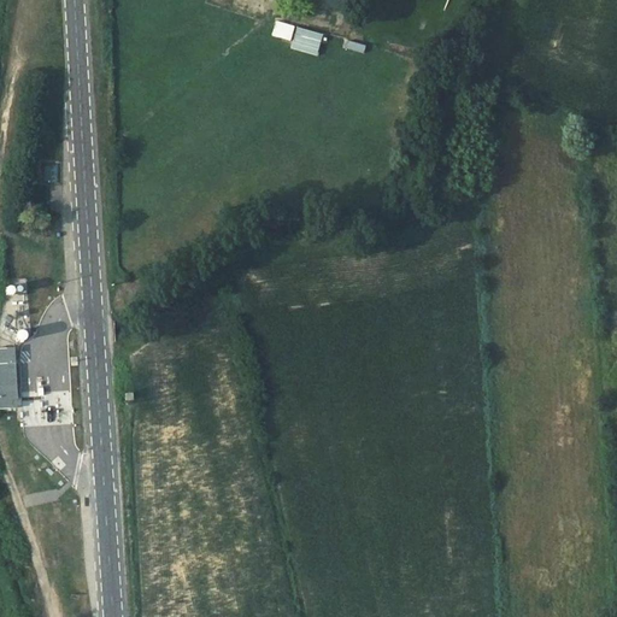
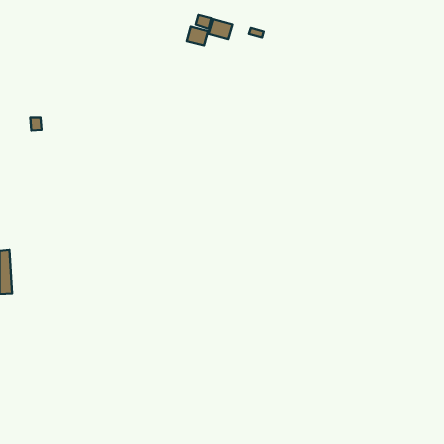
building: none -> [187,27,208,46]

